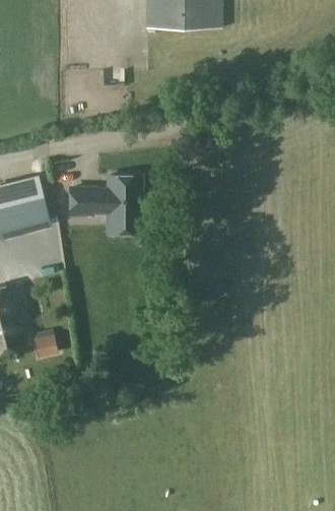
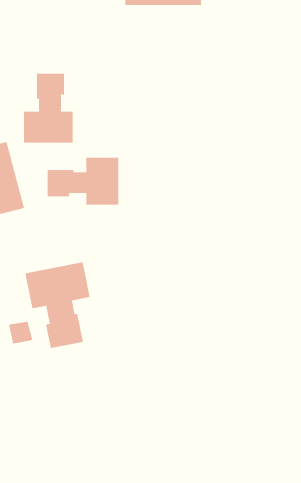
building: none -> [23,73,73,144]
building: none -> [25,261,90,349]

